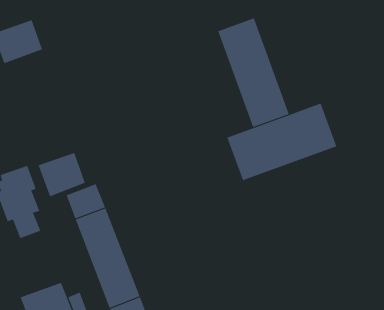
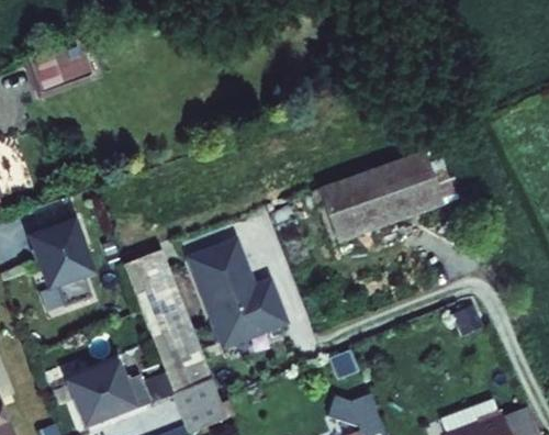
building: [217,17,289,128] -> none
building: [38,152,85,197] -> none
building: none -> [191,238,285,342]

